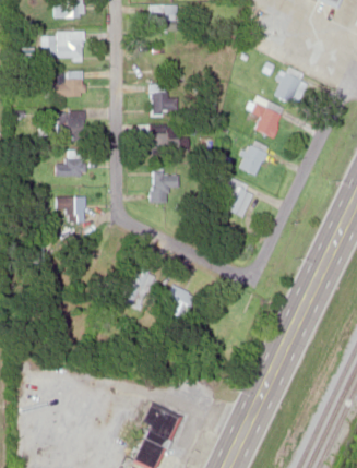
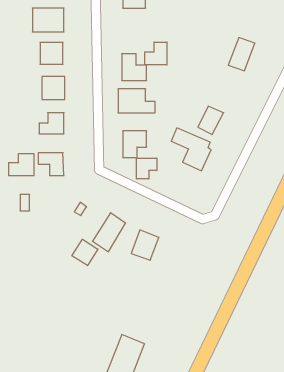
building: none -> [145,42,167,65]
building: [250,96,283,139] -> none
building: none -> [9,154,34,176]
building: none -> [136,158,157,179]
building: none -> [72,239,98,266]

